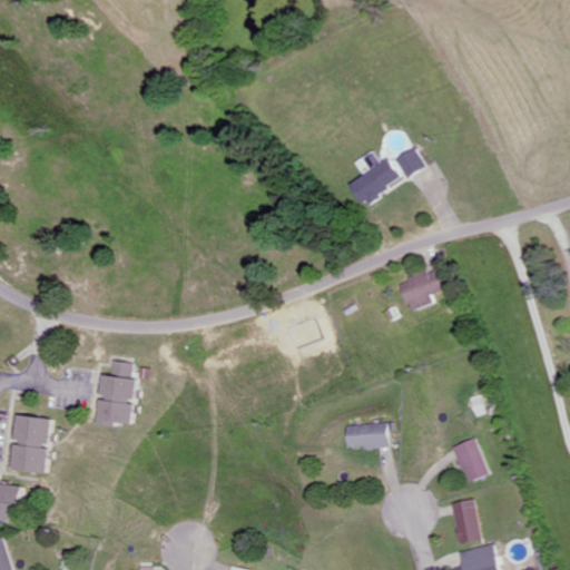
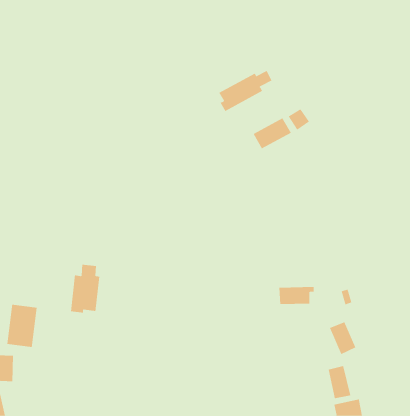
building: none -> [219,70,272,112]
building: [397,271,442,311] -> none
building: [342,423,391,448] -> [279,287,314,305]

